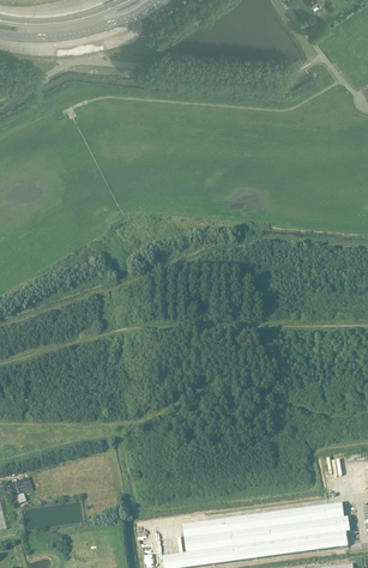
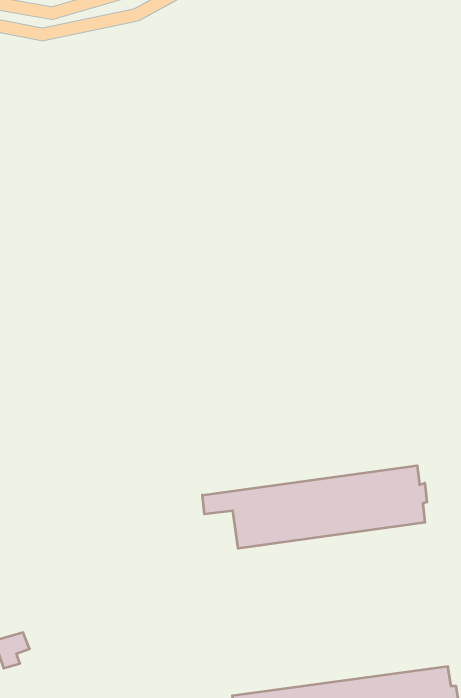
building: none -> [202,466,427,548]

